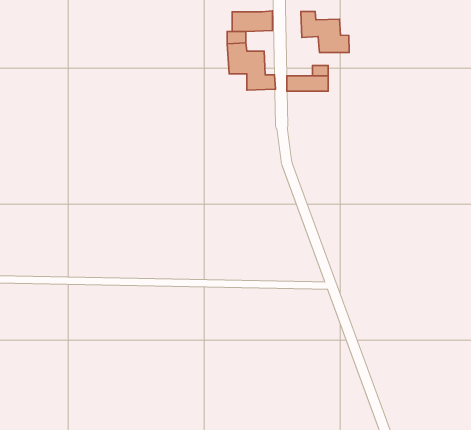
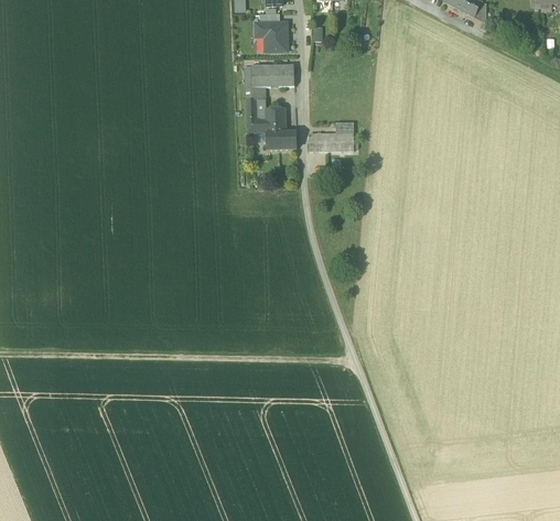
building: [301,11,349,52] -> none

